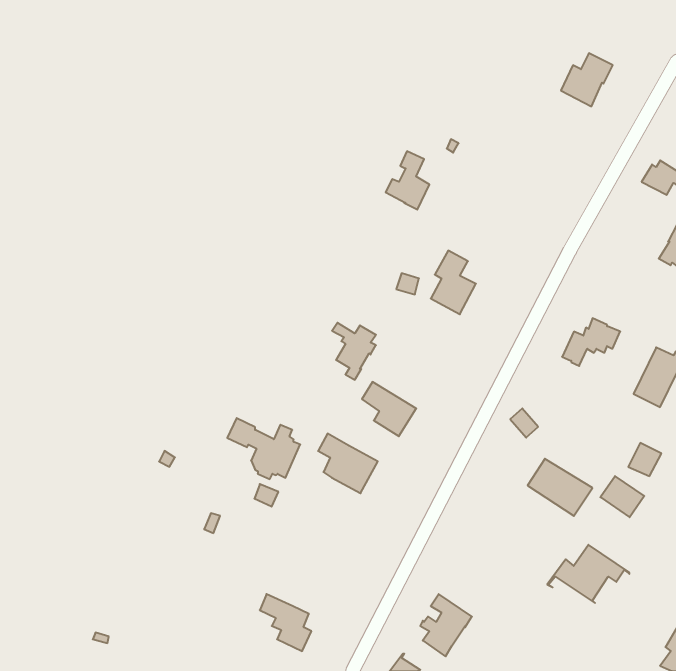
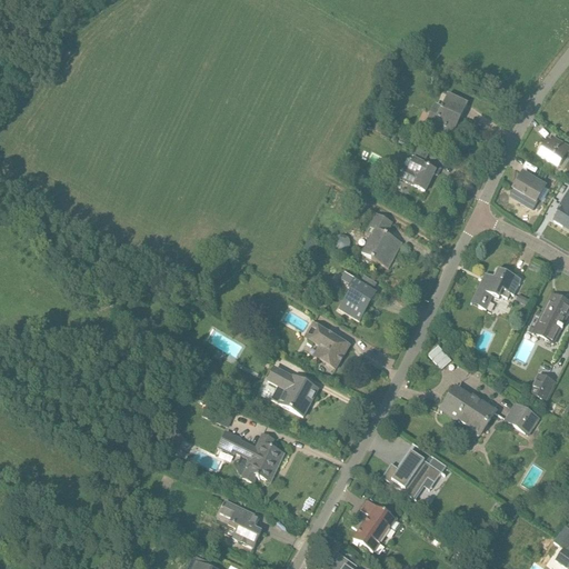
building: [561,53,613,106] -> [426,90,469,134]
building: [386,151,429,210] -> [399,139,436,188]
building: none -> [511,169,547,206]
building: [332,323,376,380] -> [341,270,378,318]
building: [227,418,300,479] -> [219,427,280,478]
building: [547,545,629,603] -> [377,449,446,498]

